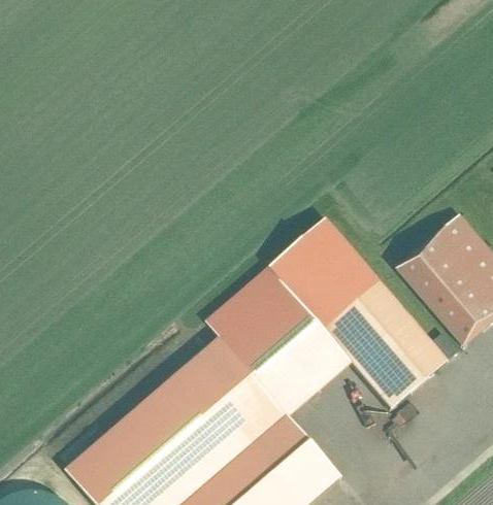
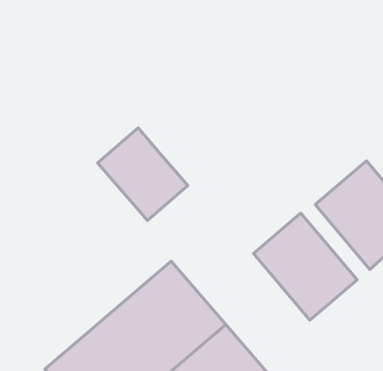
building: none -> [98,128,188,220]
building: [206,217,377,414] -> none

